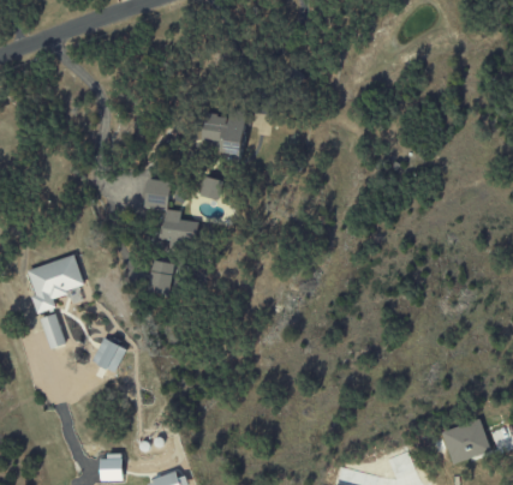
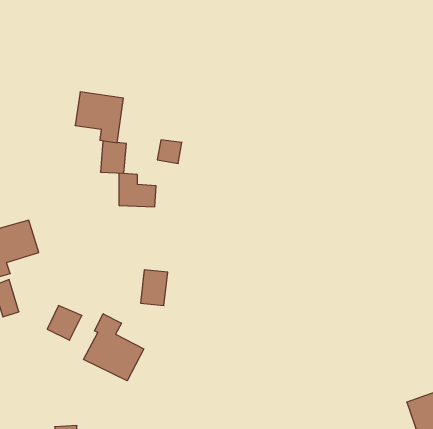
building: [199,110,246,160] -> [75,92,123,143]
building: [147,259,173,294] -> [141,270,168,306]
building: none -> [84,314,144,381]

